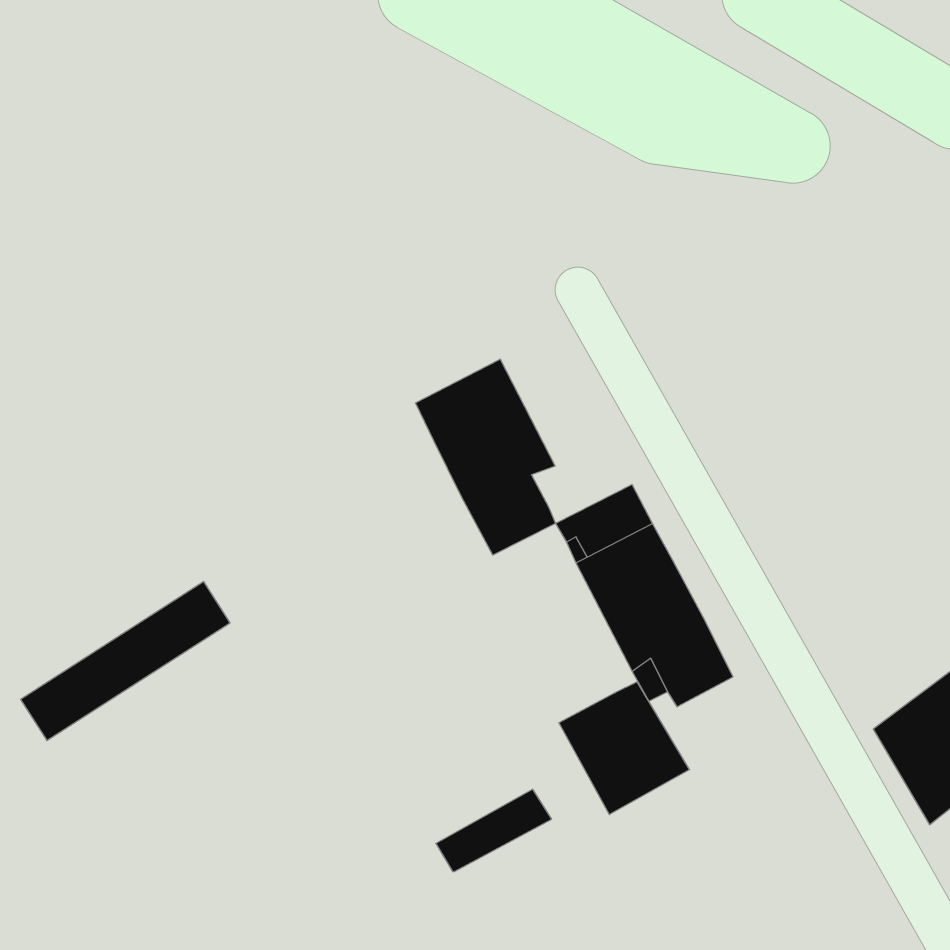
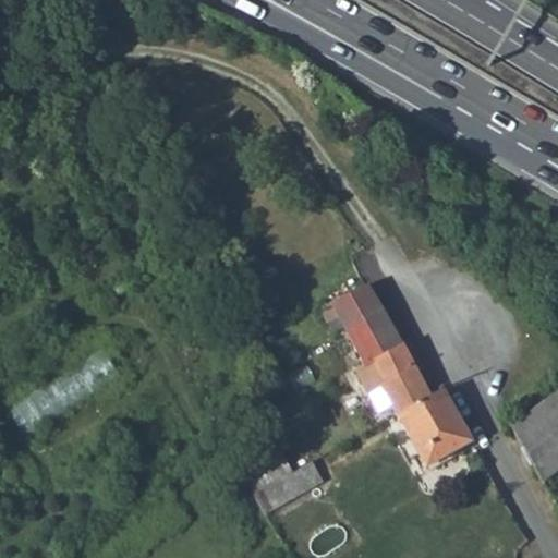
building: [416,359,555,555] -> none
building: [559,682,690,815] -> [398,388,474,465]

